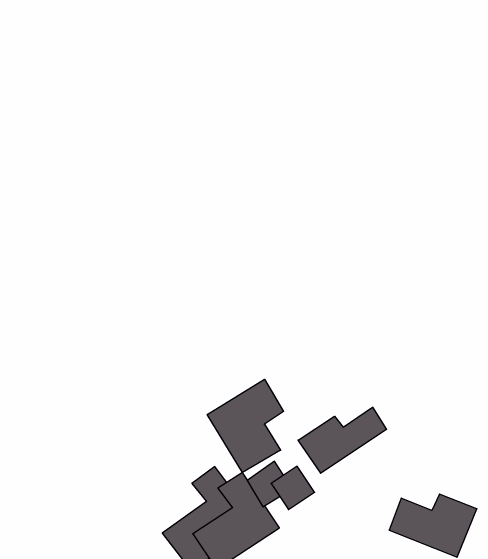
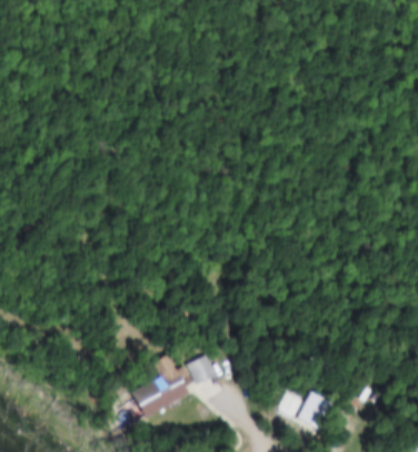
building: [207,379,284,473] -> none
building: [298,407,387,473] -> none

